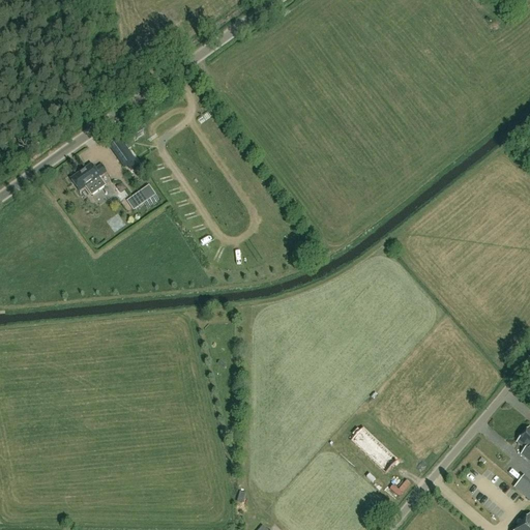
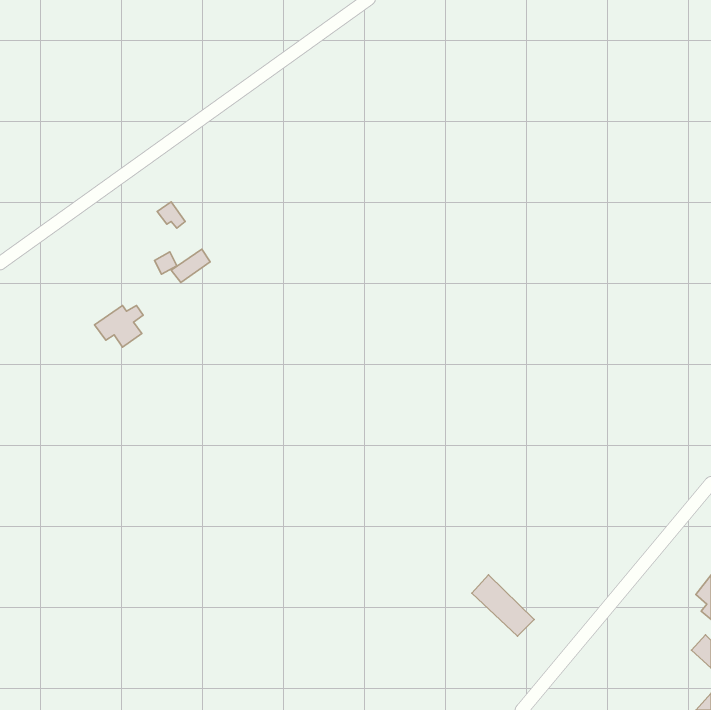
building: [70,165,107,196] -> [95,305,143,347]

